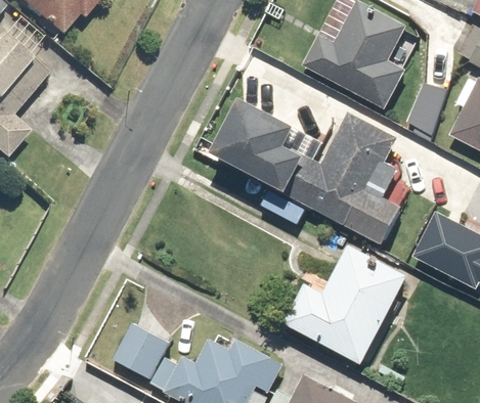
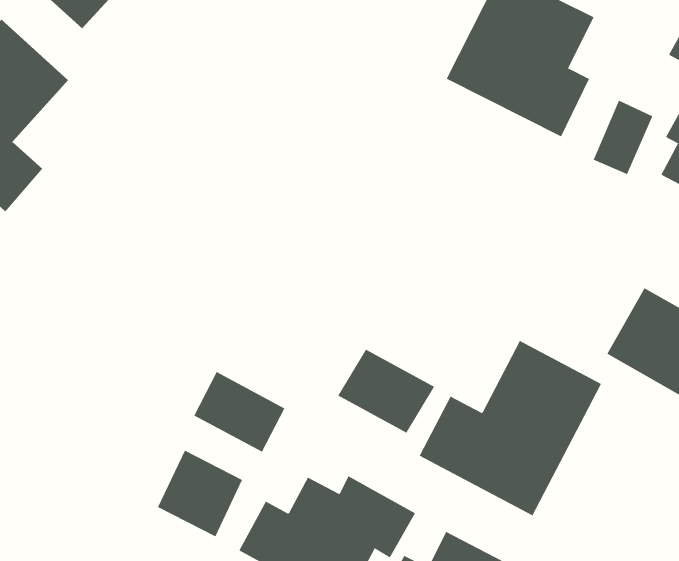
building: [219,98,402,243] -> none
building: none -> [337,349,435,434]
building: none -> [194,371,285,453]

